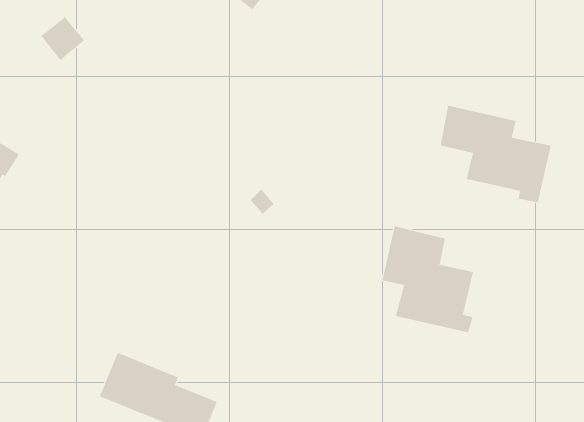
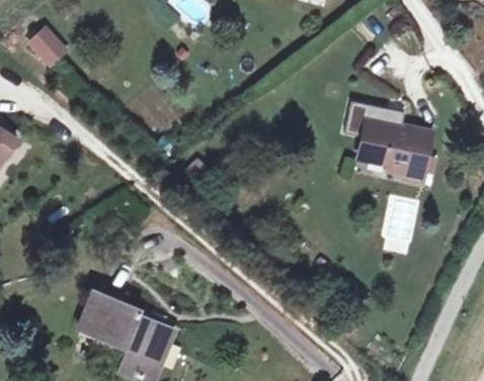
building: [382,225,474,333] -> none

